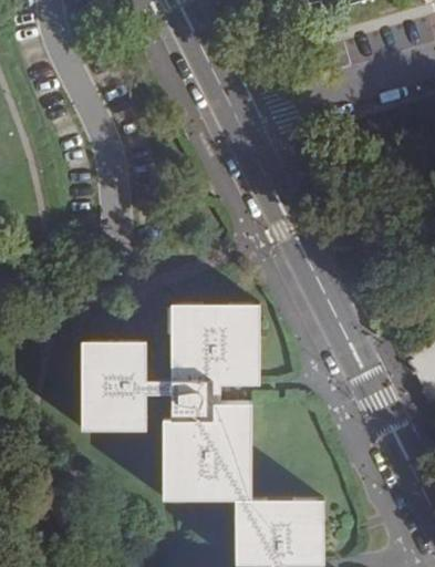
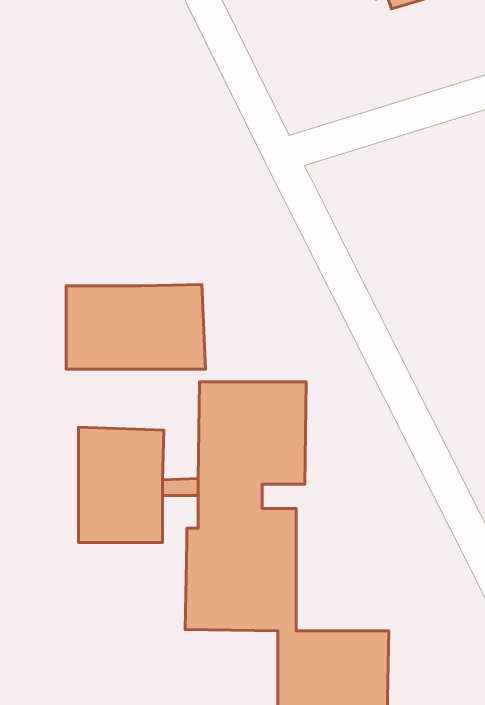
building: none -> [66,284,205,369]

